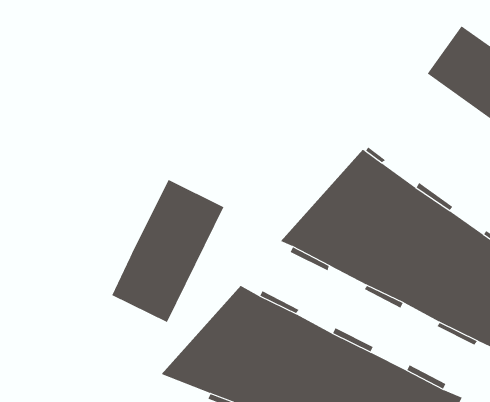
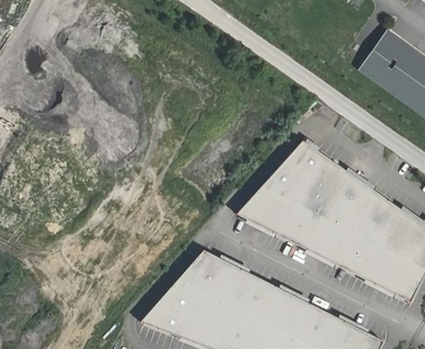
building: [111,179,224,323] -> none

